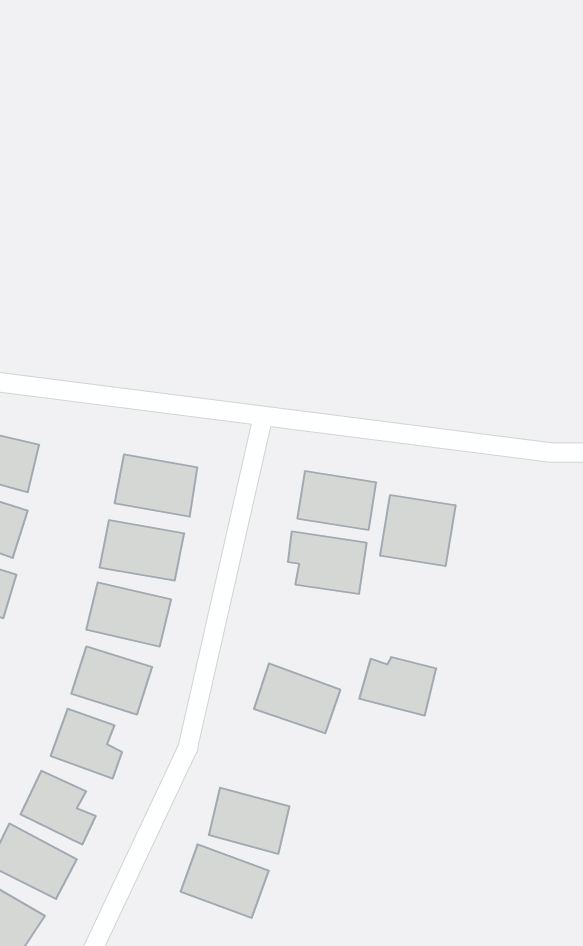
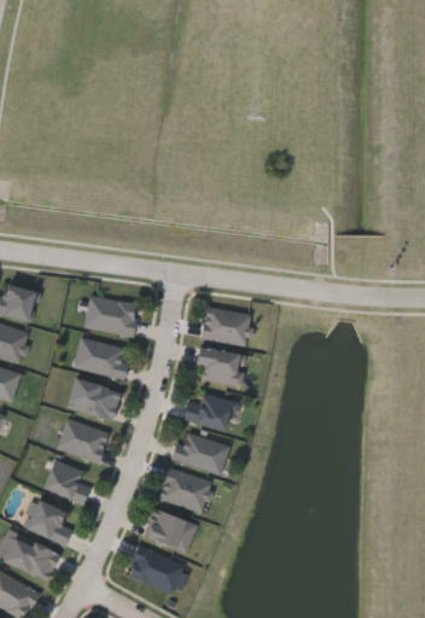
building: [380,495,455,566] -> none
building: [359,657,436,715] -> [182,393,232,431]
building: none -> [158,468,212,513]

